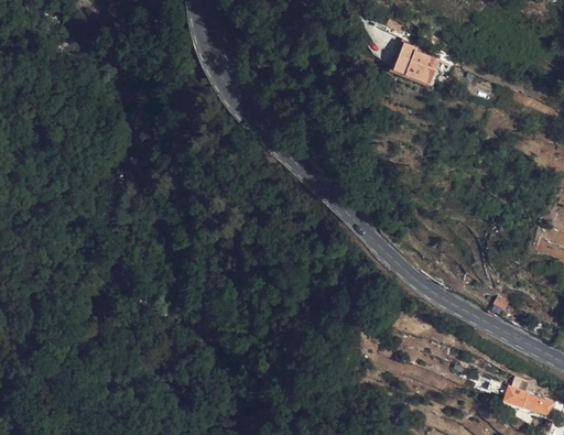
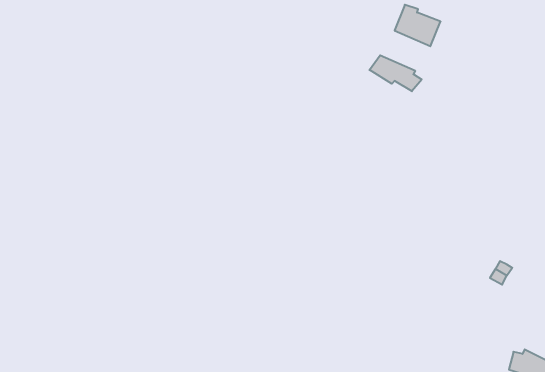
building: none -> [369,55,422,91]

